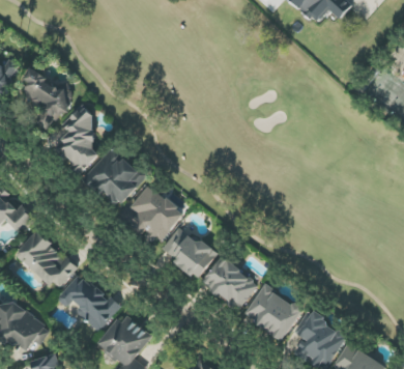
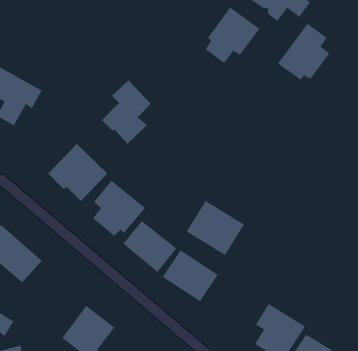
building: none -> [205,6,260,64]
building: none -> [277,23,330,81]
building: [52,108,104,174] -> [101,80,152,144]
building: [56,273,119,330] -> none
building: [242,284,302,341] -> [186,200,245,256]

